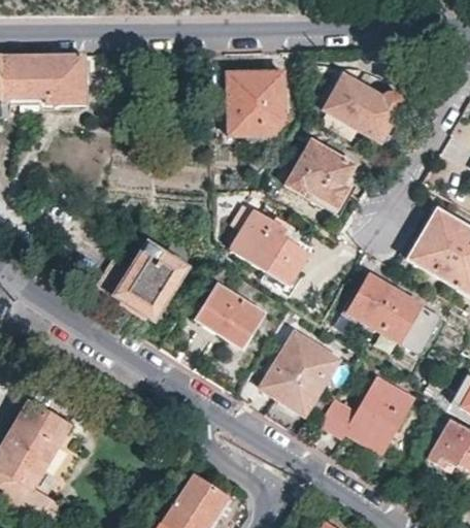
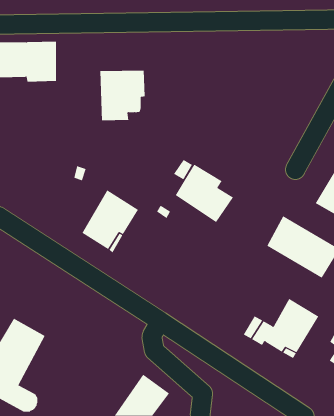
building: [227,70,284,134] -> [100,70,145,121]
building: [323,72,402,141] -> none
building: [286,139,356,207] -> none
building: [197,283,264,346] -> none
building: [261,332,338,414] -> none

